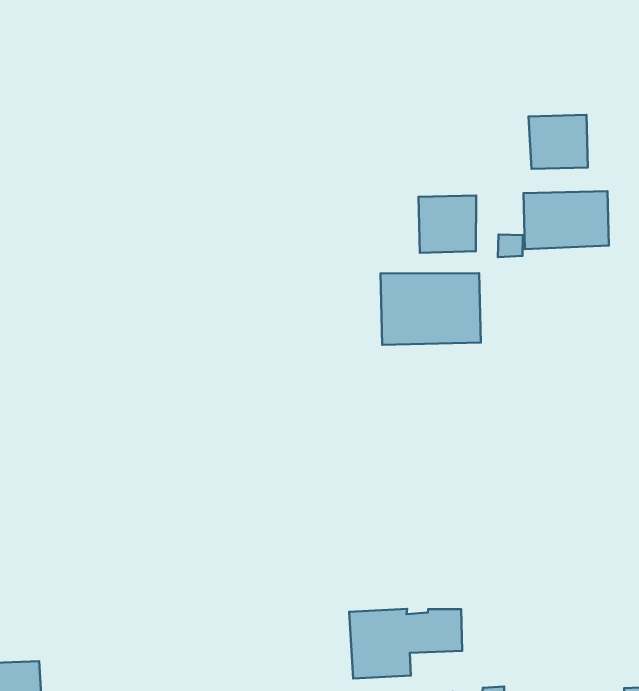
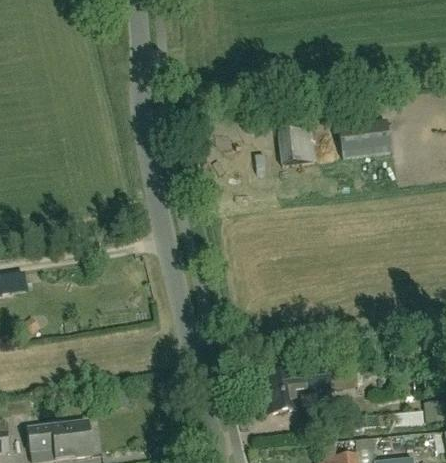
building: [528,115,588,169] -> none
building: [380,273,481,345] -> none

